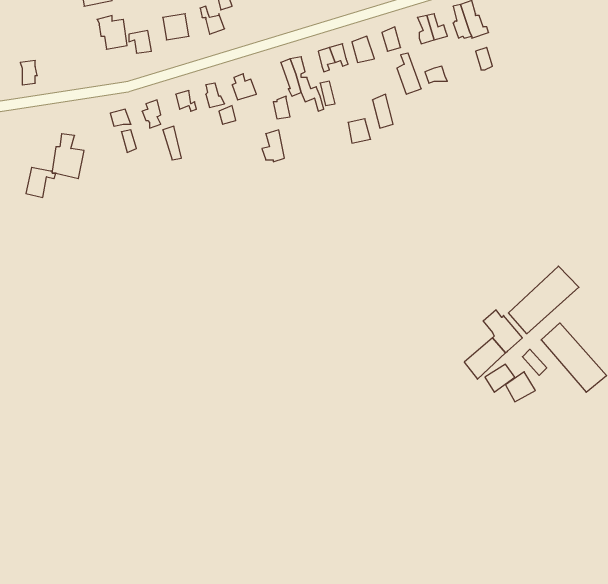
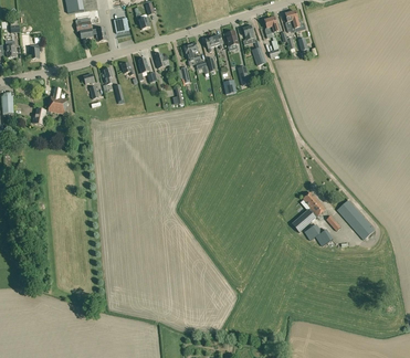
building: [508,266,579,334] -> none

